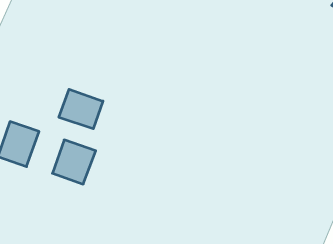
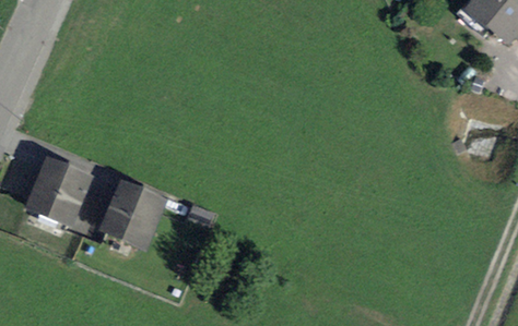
building: [59,89,103,129] -> none

